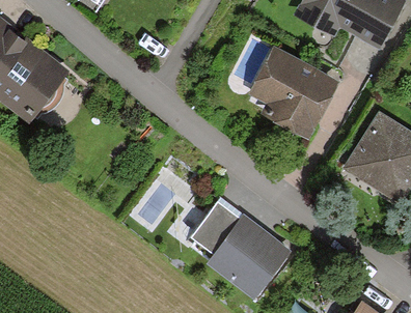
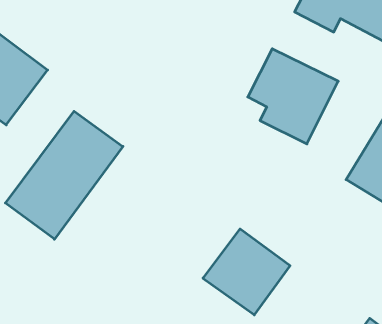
building: none -> [5,111,123,239]
building: [184,197,245,262] -> none

